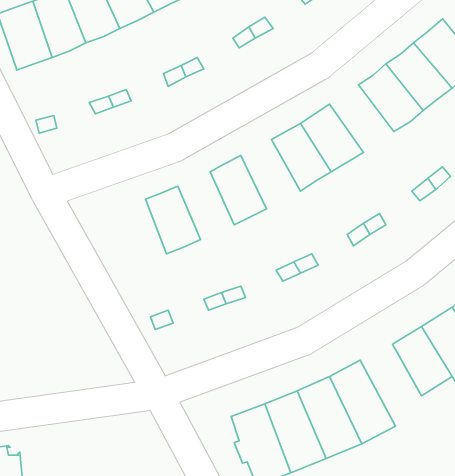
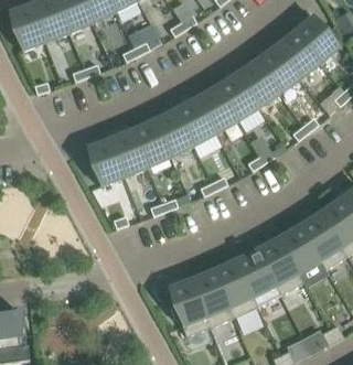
building: none -> [235,61,279,107]
building: none -> [174,98,215,146]
building: none -> [131,120,170,167]
building: none -> [86,139,124,185]
building: none -> [256,238,302,294]

